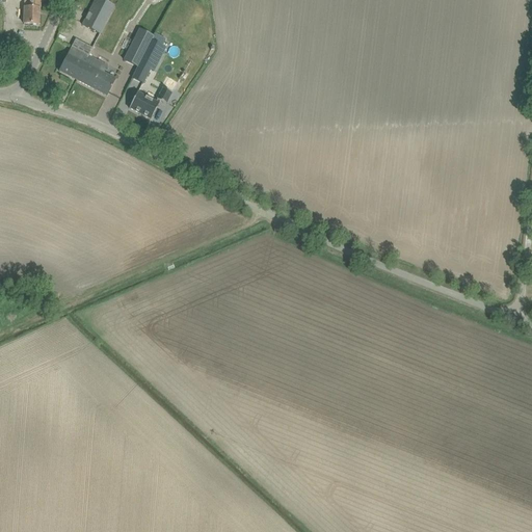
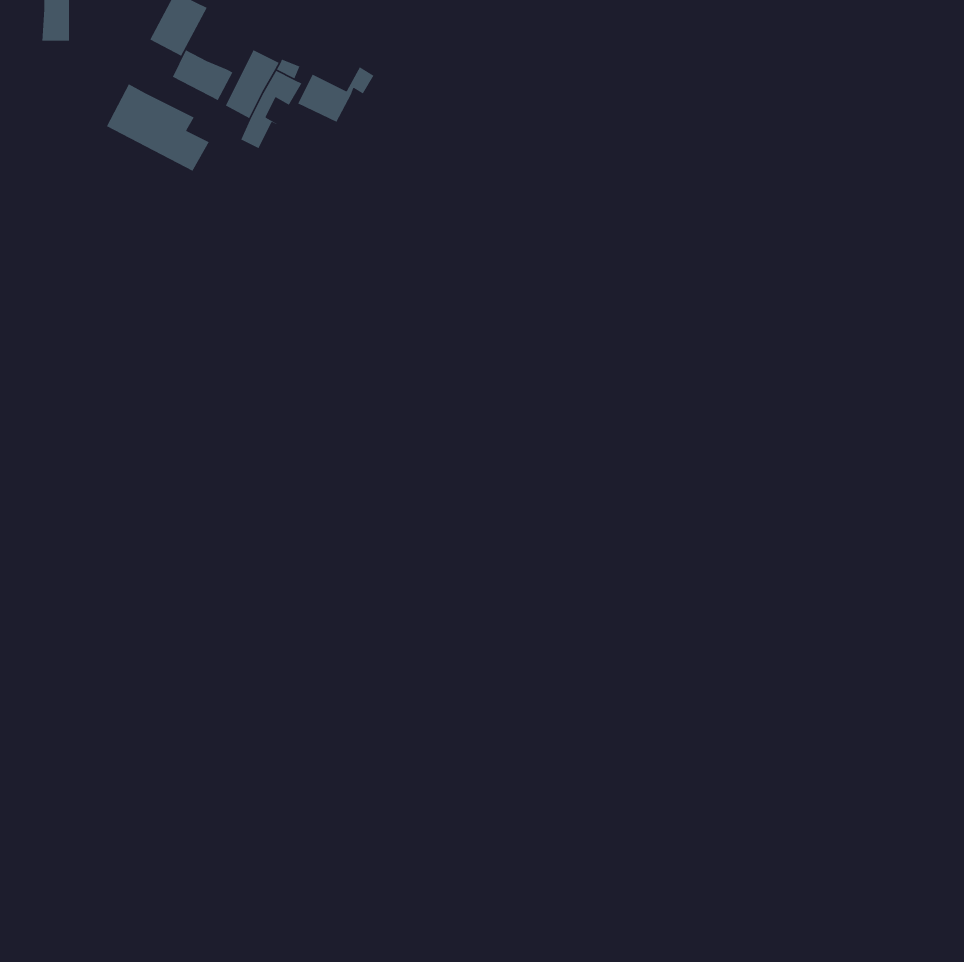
building: none -> [172,49,233,101]
building: [130,86,172,117] -> [297,66,375,123]

